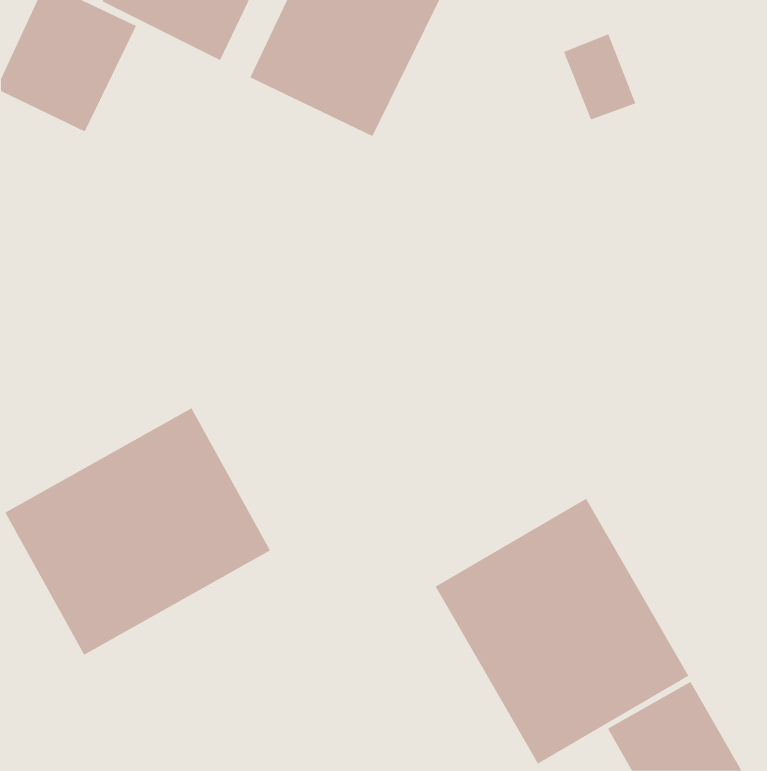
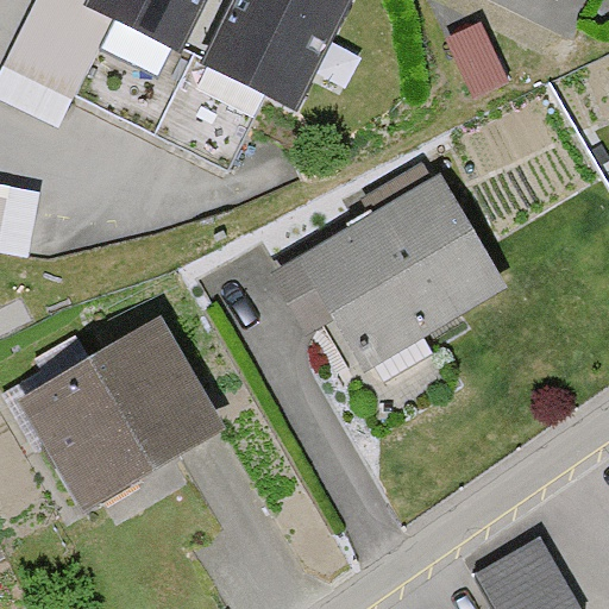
building: none -> [266,177,503,368]
building: [435,498,689,765] -> none

